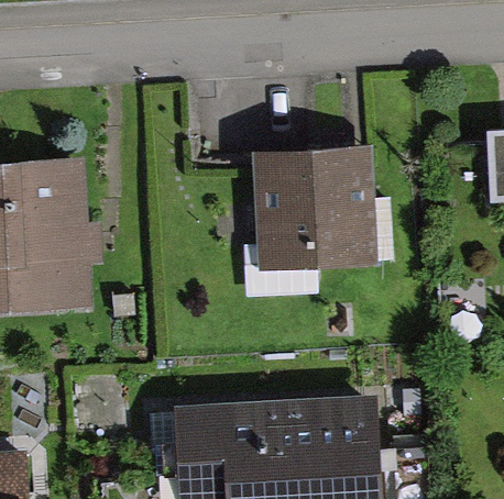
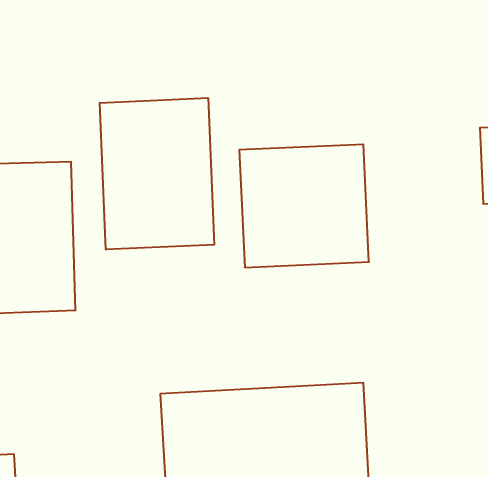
building: none -> [100,98,214,250]

